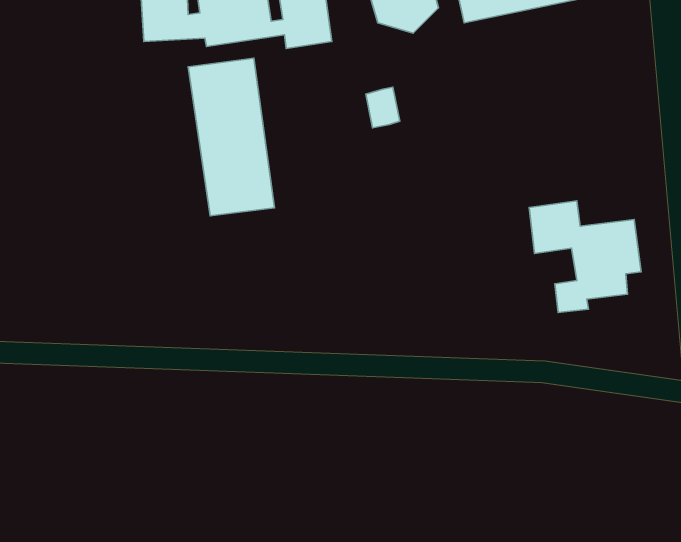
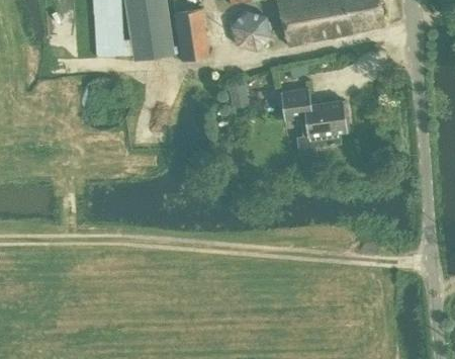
building: [188,58,275,216] -> none
building: [529,201,641,313] -> [281,88,348,155]

